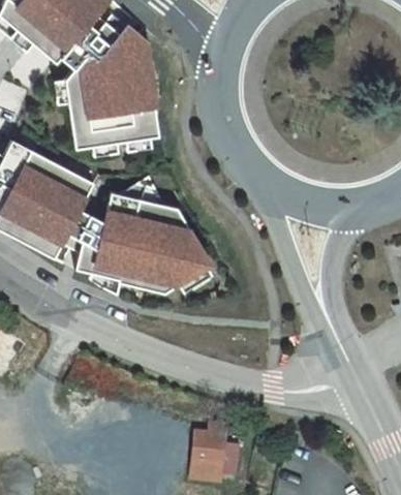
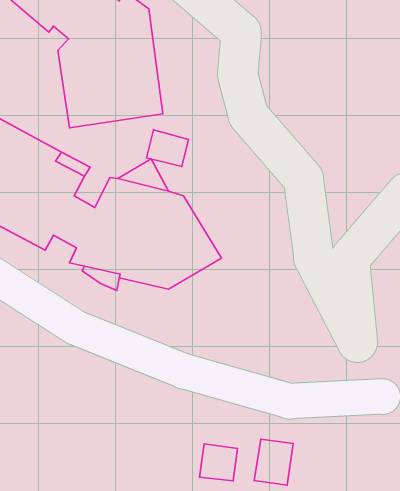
building: none -> [146,130,188,167]
building: none -> [254,439,293,485]

